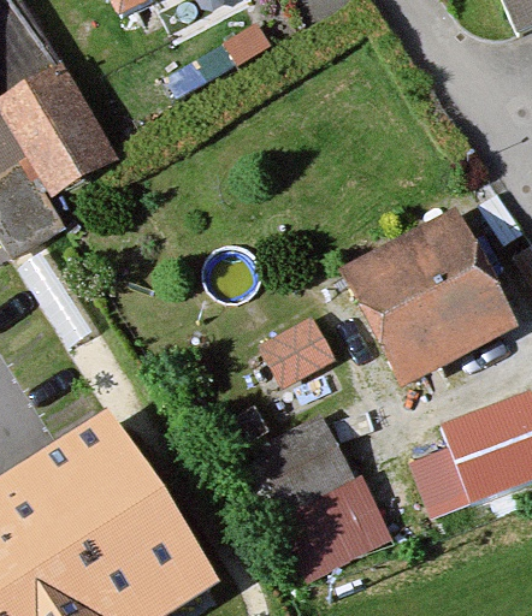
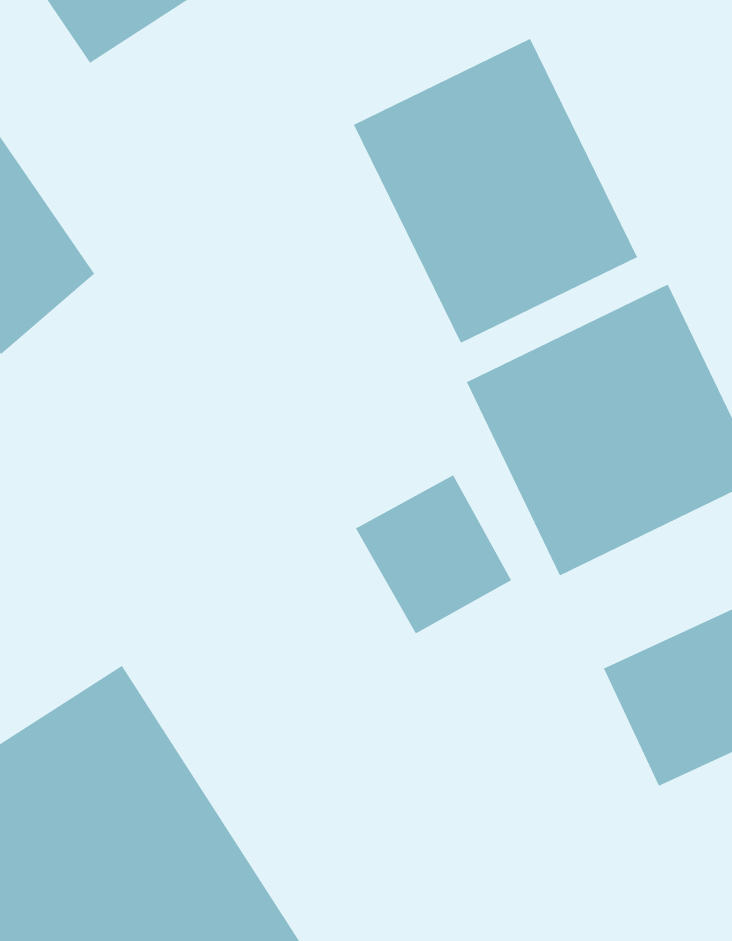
building: none -> [353,38,638,344]
building: [248,405,396,575] -> none

